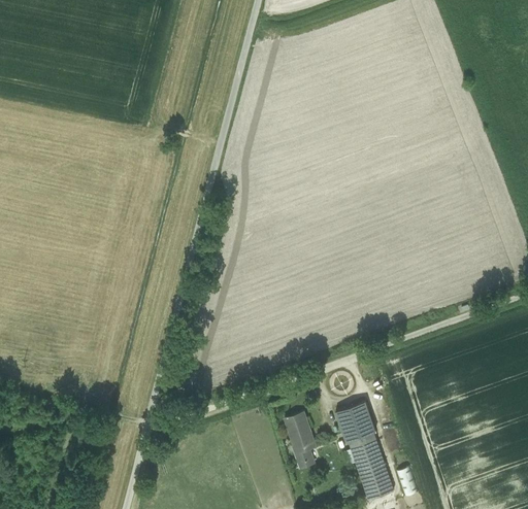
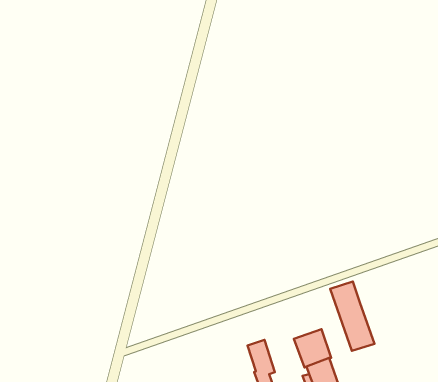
building: none -> [330,282,374,351]

